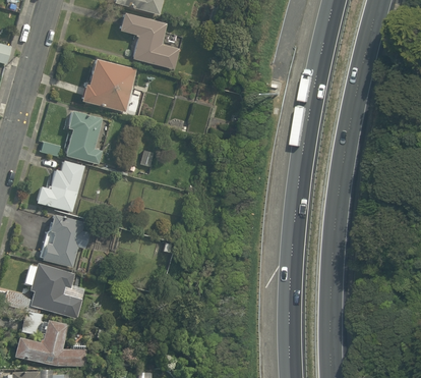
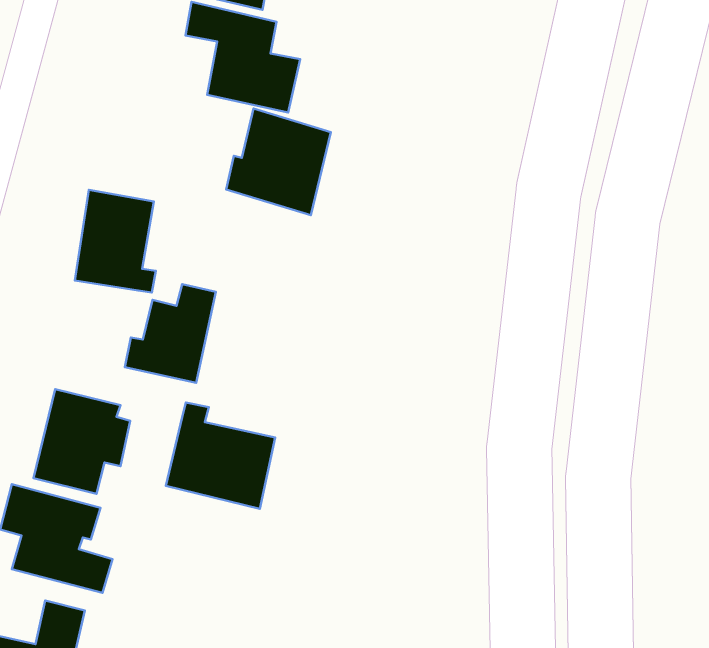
building: [81,56,135,111] -> [226,108,331,215]
building: [38,159,84,210] -> [125,284,216,383]
building: none -> [166,402,275,509]

